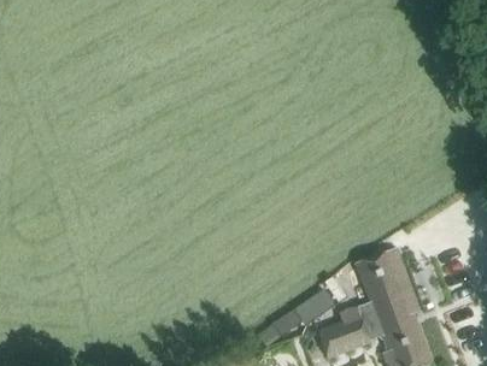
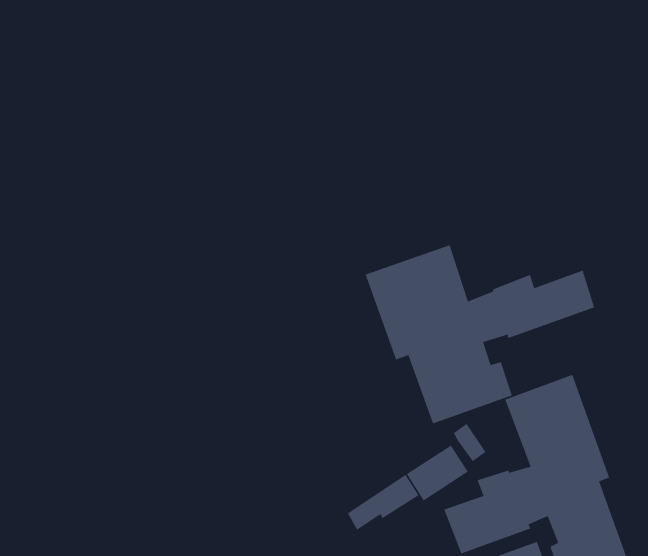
building: none -> [365,244,595,425]

